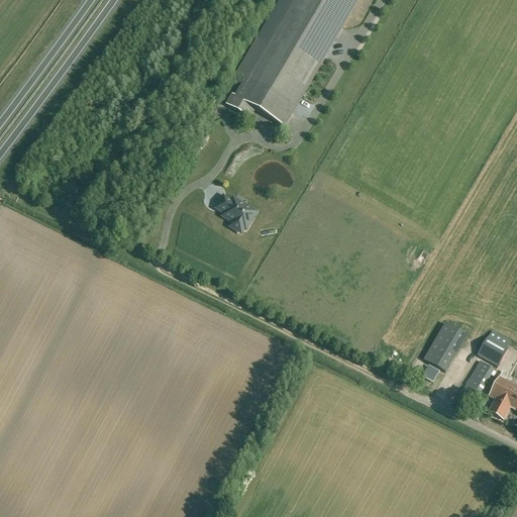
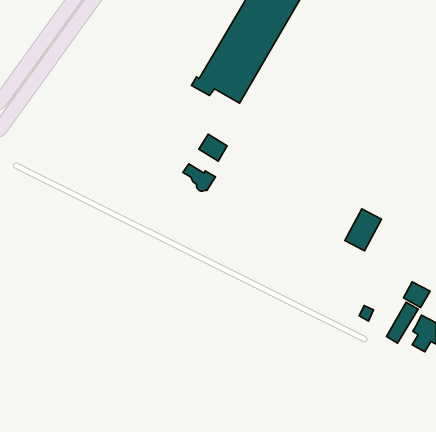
building: none -> [199,134,227,161]
building: [426,319,470,369] -> [345,209,382,251]

